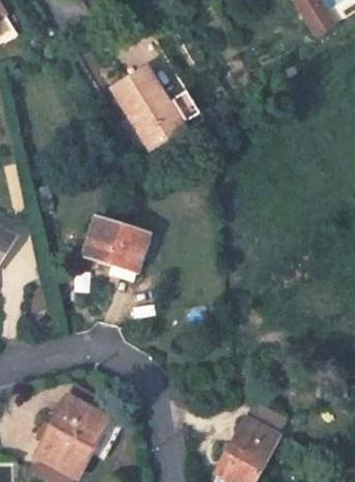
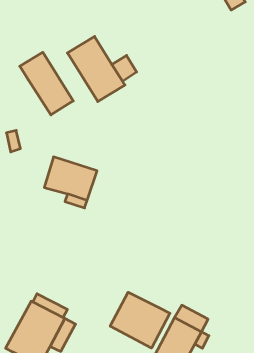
building: none -> [20,52,73,115]
building: none -> [110,292,170,348]

